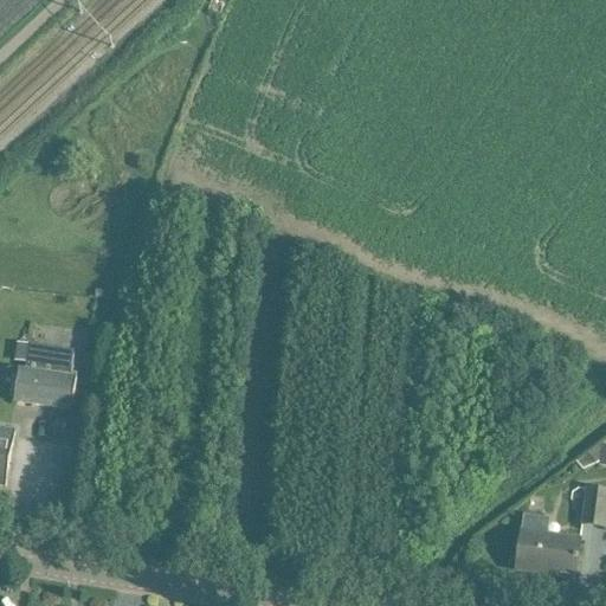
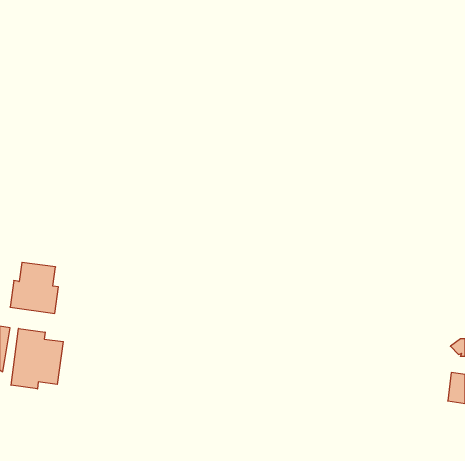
building: none -> [11,328,63,389]
building: [515,511,580,572] -> none

